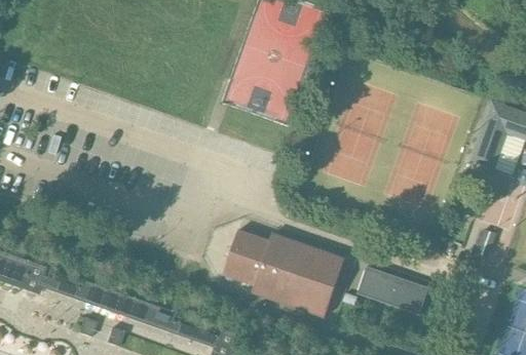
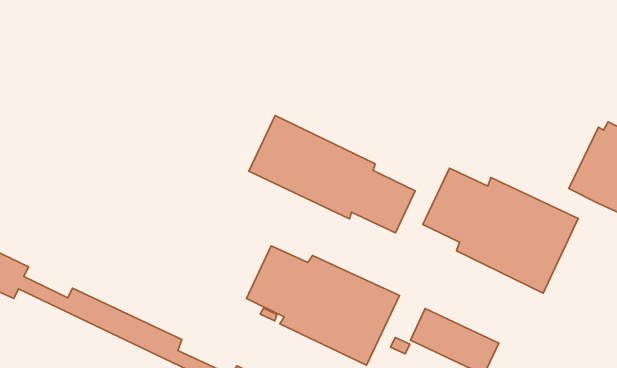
building: none -> [249,116,415,233]
building: none -> [423,168,578,293]

